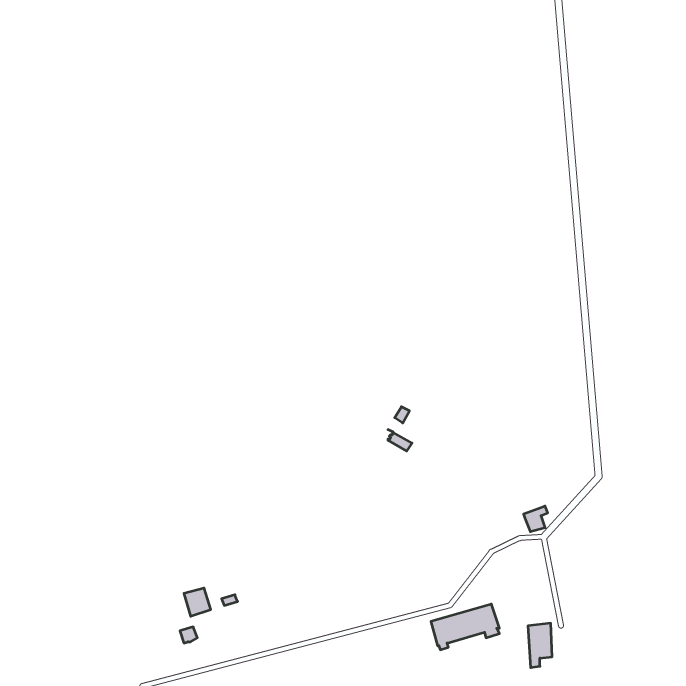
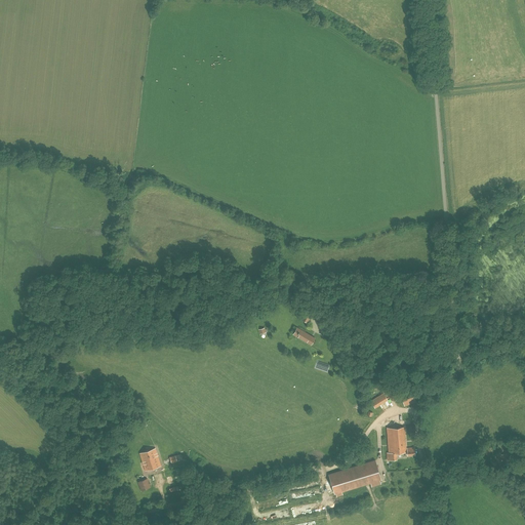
building: [528,623,552,668] -> [388,427,406,460]

